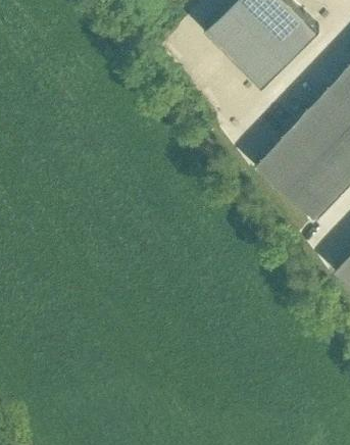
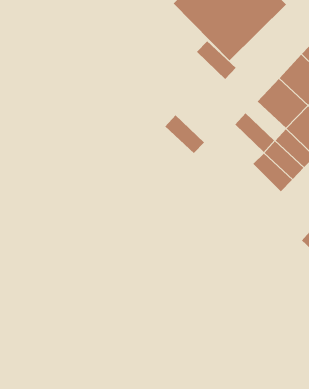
building: [279,131,319,170] -> [196,41,236,80]
building: [256,154,297,194] -> [165,114,205,154]

